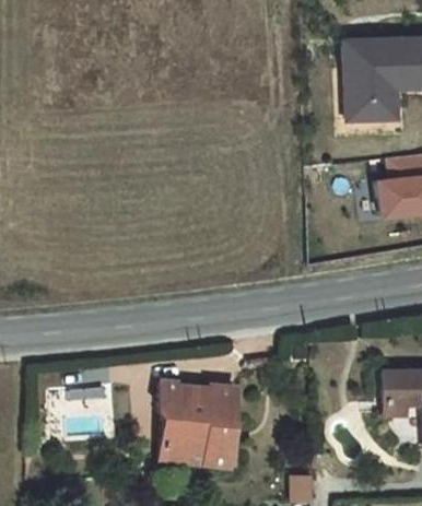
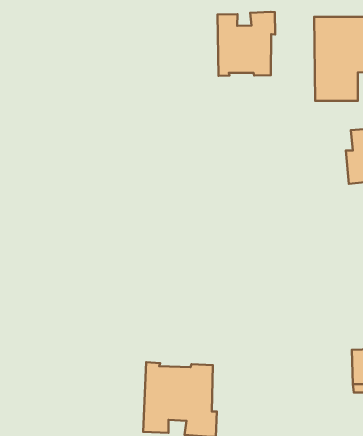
building: none -> [218,12,275,76]

